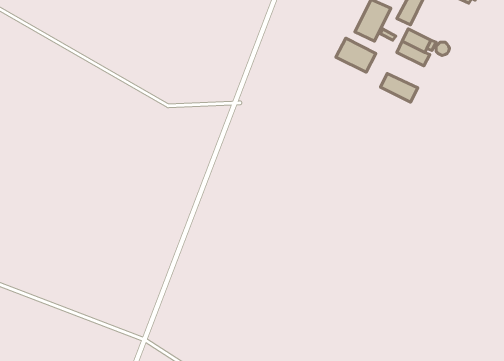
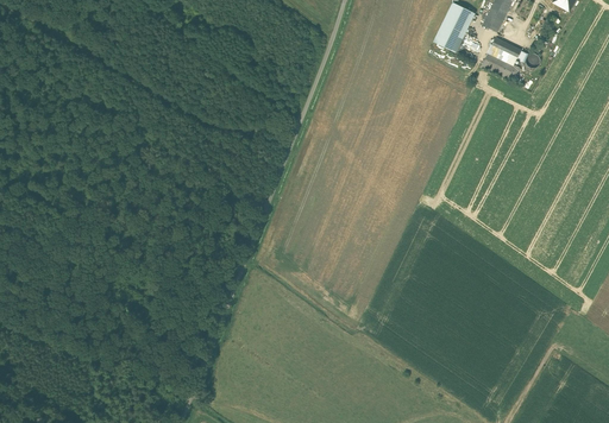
building: [336,38,376,72] -> none
building: [381,74,418,102] -> none

